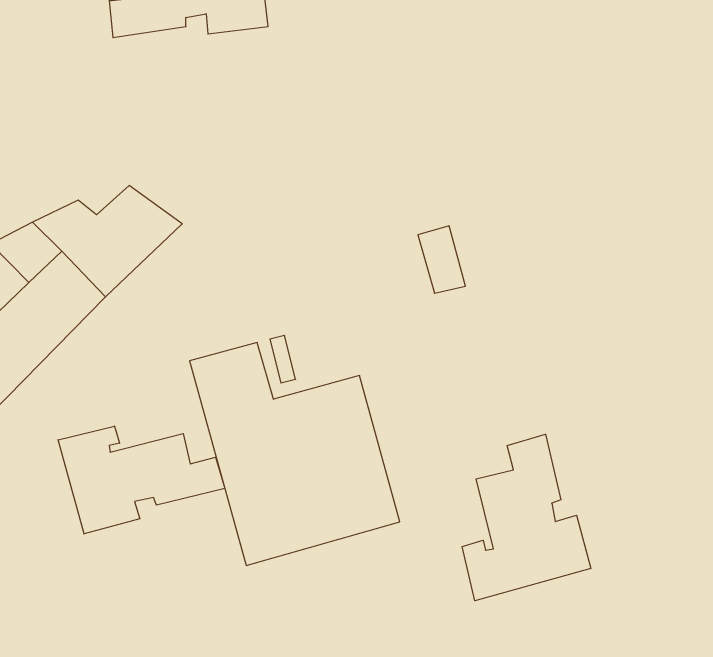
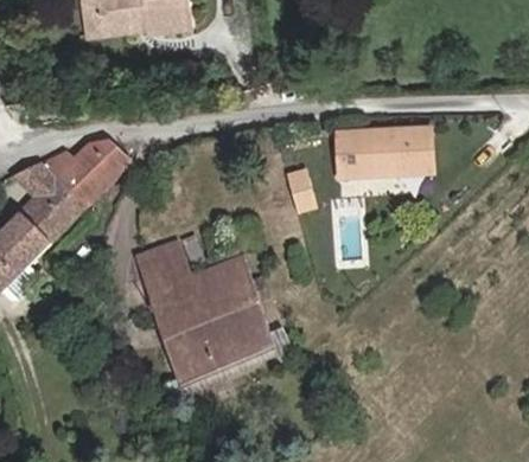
building: none -> [340,126,432,173]
building: [58,426,225,534] -> none
building: [462,434,591,601] -> none

